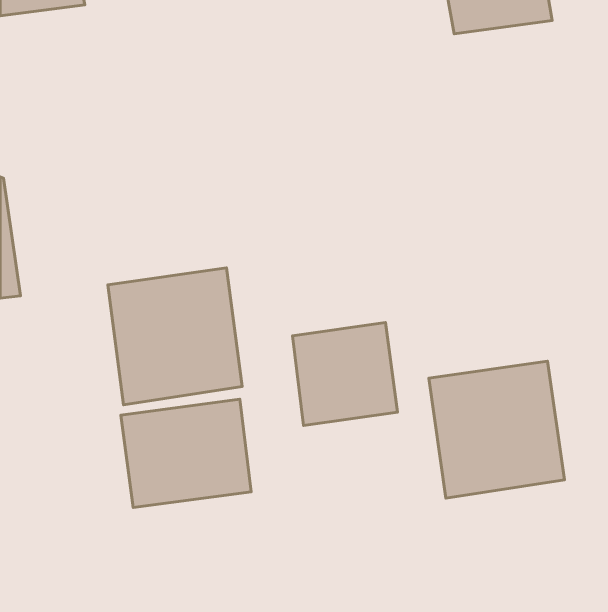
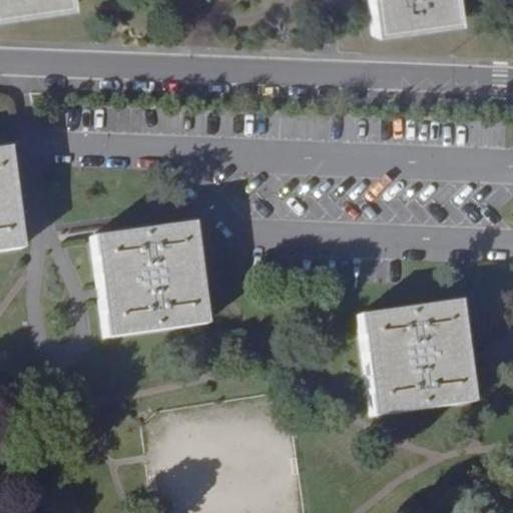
building: [293,323,397,426] -> none
building: [121,399,251,508] -> none

